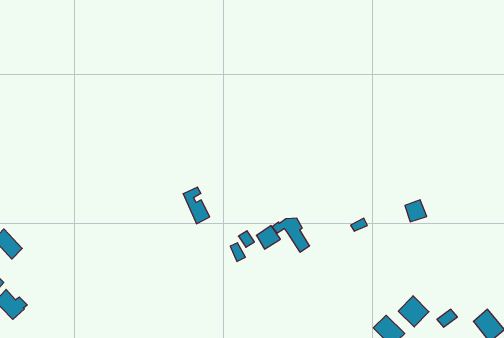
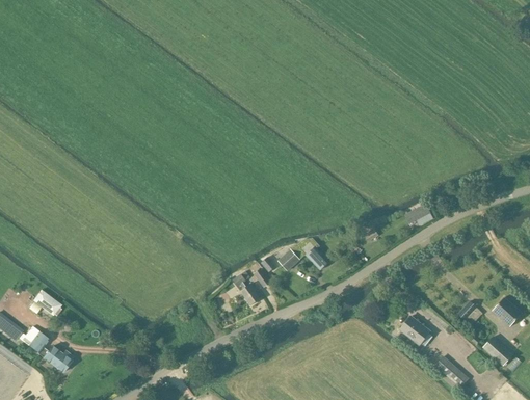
building: [183,187,210,224] -> [233,272,261,306]
building: [398,296,429,327] -> none

